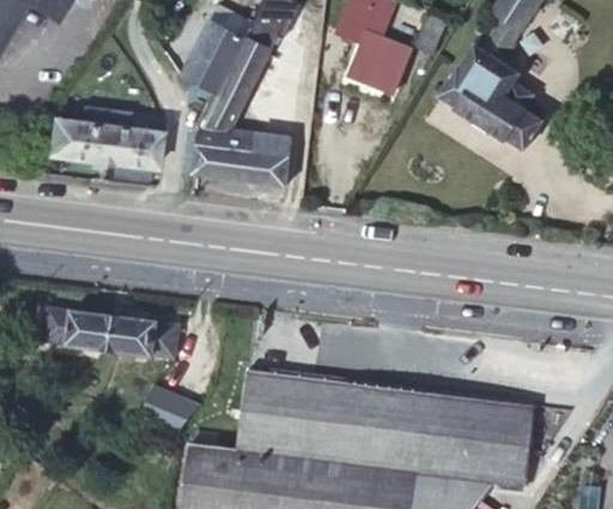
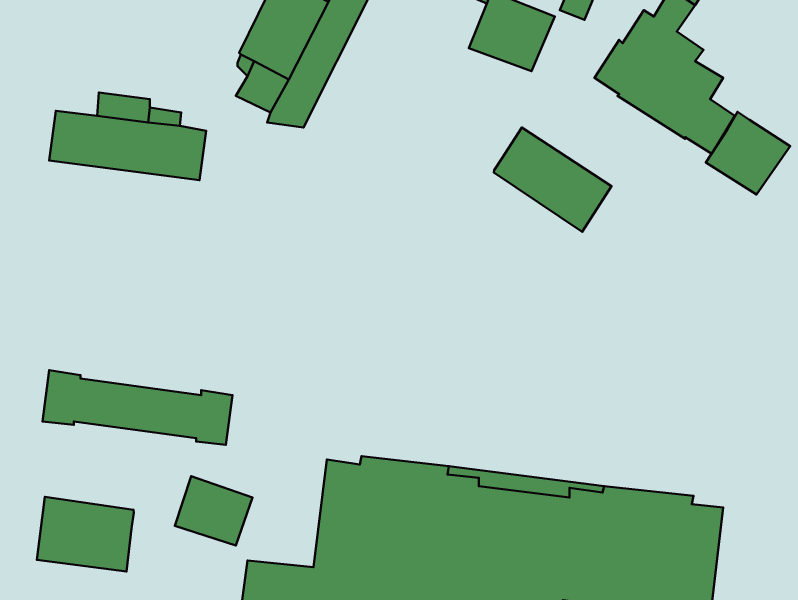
building: none -> [706,112,790,194]
building: [194,127,291,188] -> none
building: none -> [494,127,612,232]
building: none -> [37,497,134,572]

